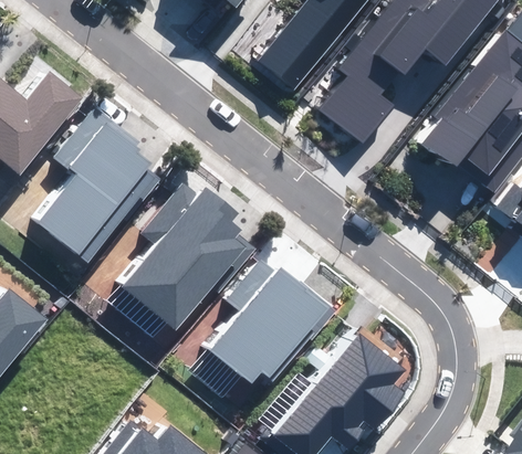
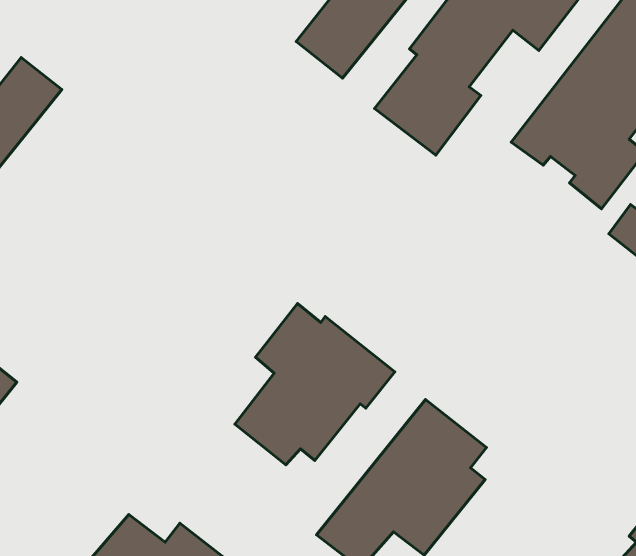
building: [39,109,163,261] -> none
building: [125,183,253,330] -> none

